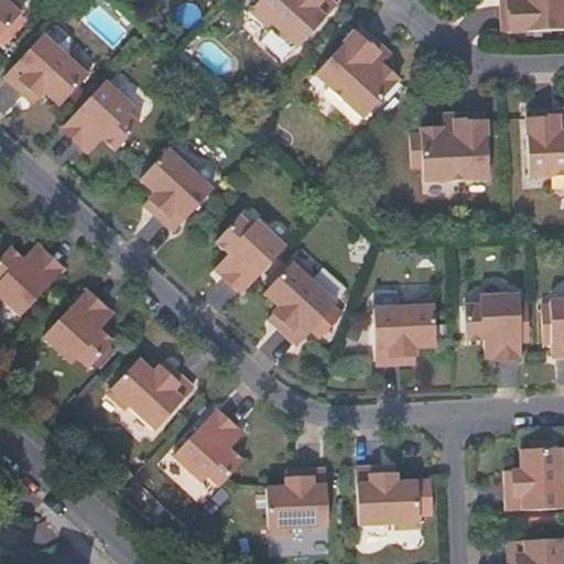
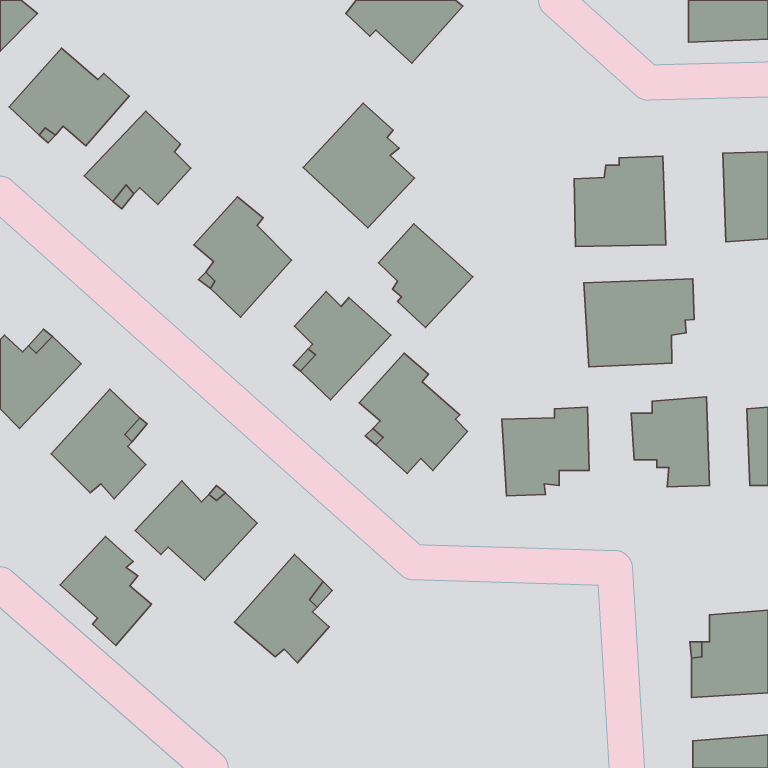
building: [317,26,399,118] -> [303,103,414,228]
building: none -> [378,224,473,327]
building: none -> [584,279,694,367]
building: none -> [60,536,152,645]
building: [355,470,430,533] -> none
building: [262,471,325,535] -> none

